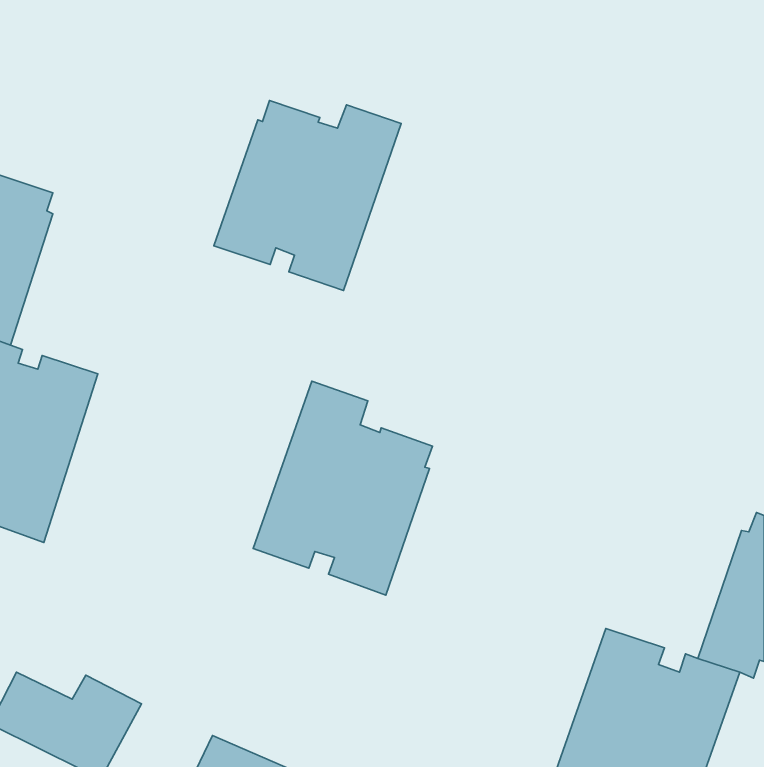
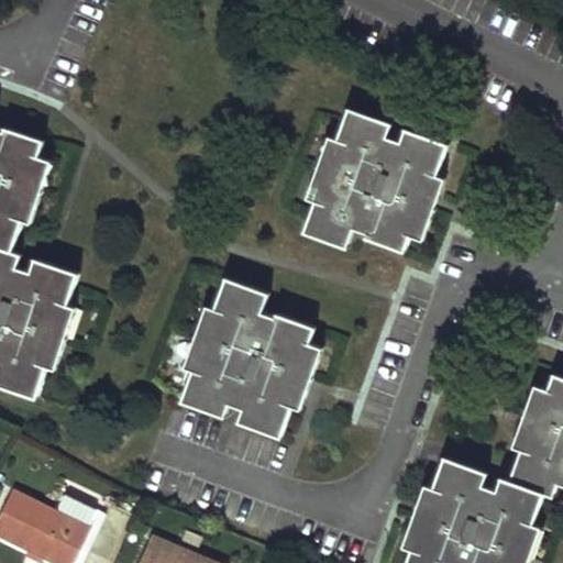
building: [214,100,401,291] -> none
building: none -> [307,111,445,250]

